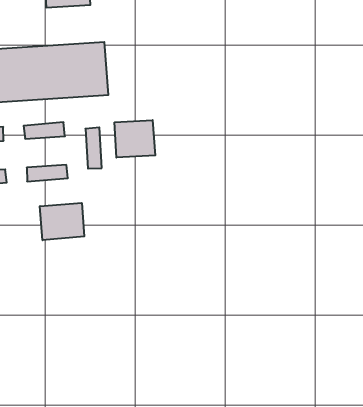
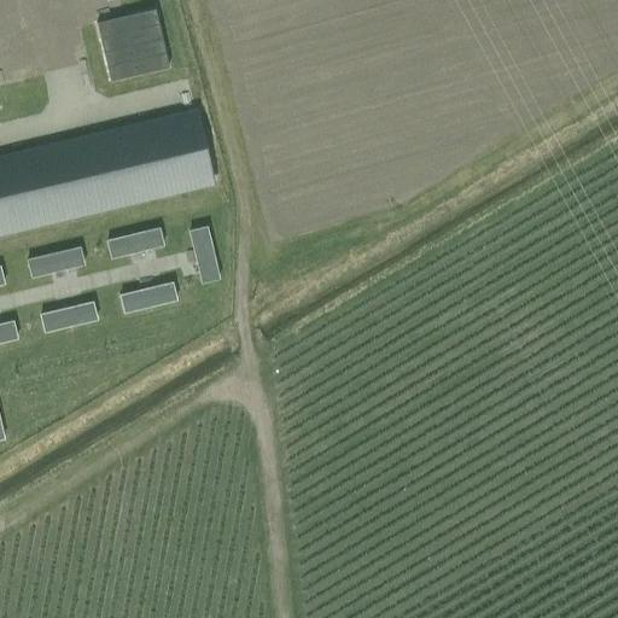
building: [115,120,155,158] -> none
building: [40,203,84,240] -> none

